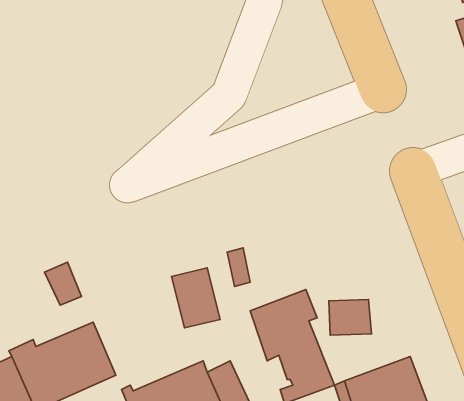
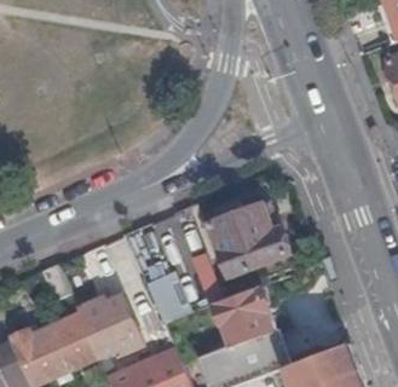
building: none -> [208,202,289,276]
building: none -> [77,295,143,358]

